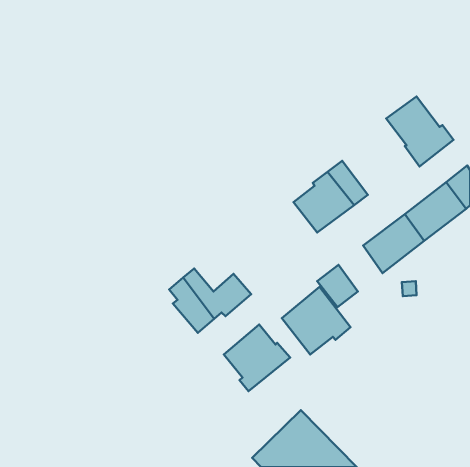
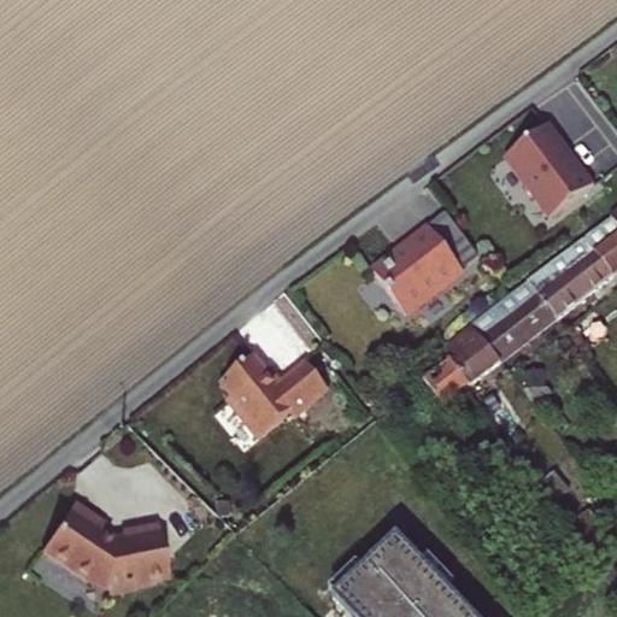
building: none -> [443,322,501,382]
building: [282,287,351,355] -> none
building: [224,325,290,391] -> none
building: none -> [41,499,169,592]

